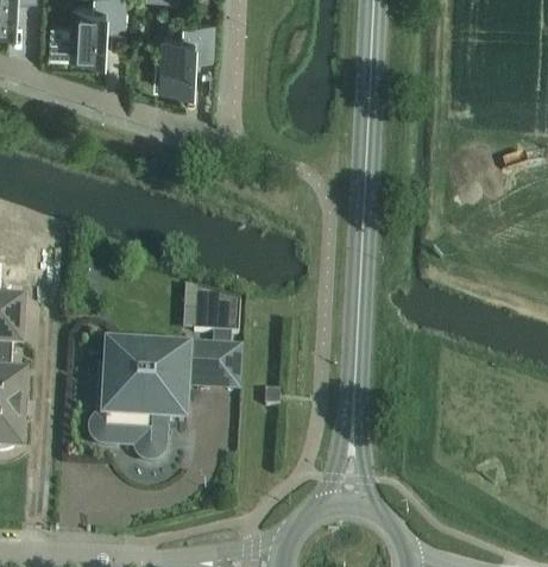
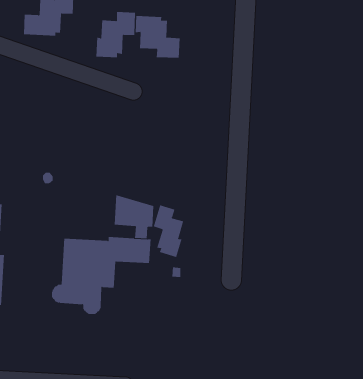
building: none -> [135,15,180,59]
building: none -> [153,204,184,258]

